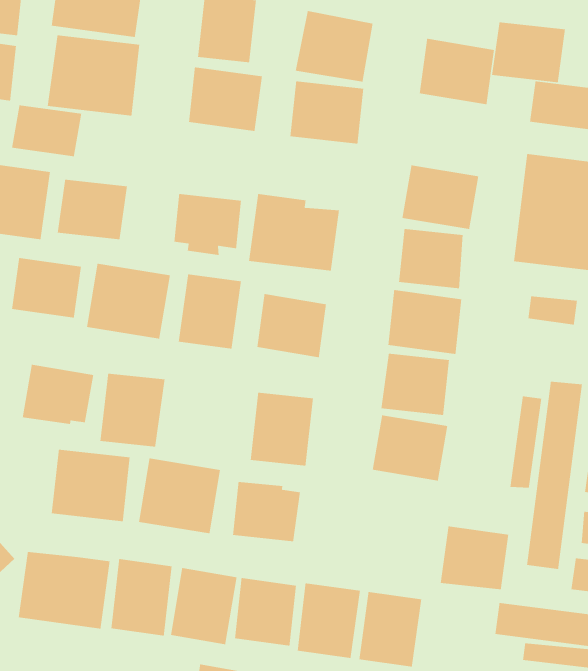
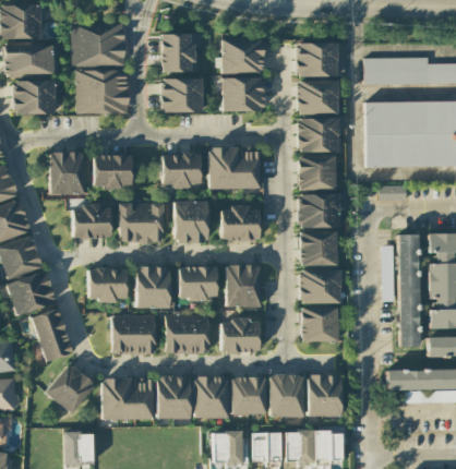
building: [491,21,566,83] -> [298,81,338,115]
building: [11,105,82,157] -> none
building: none -> [179,267,218,301]
building: [440,526,509,590] -> [301,308,338,342]

